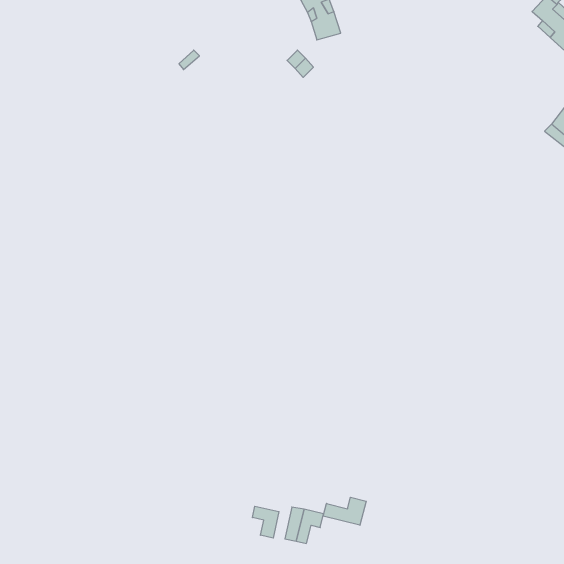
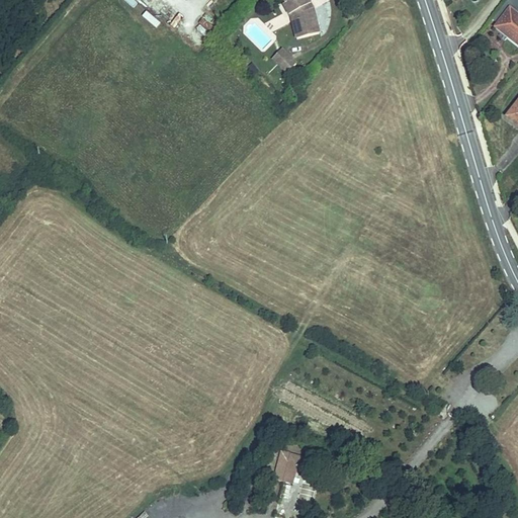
building: [323,497,366,525] -> none
building: [252,506,279,538] -> none

